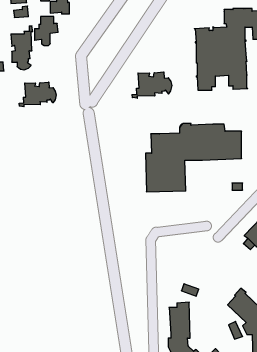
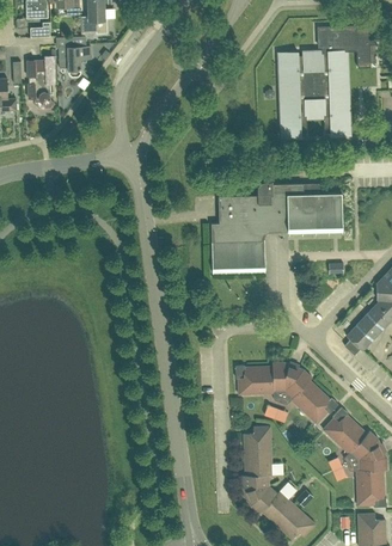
building: [132,72,172,98] -> none
building: [19,82,56,107] -> none
building: none -> [235,362,337,424]

